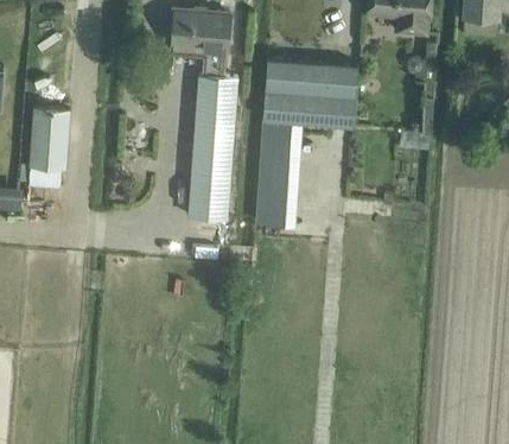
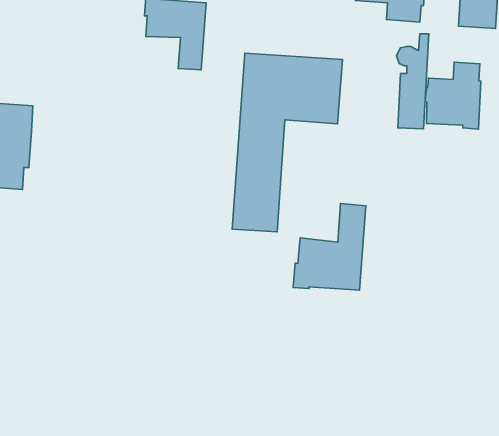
building: none -> [425,62,481,129]
building: [190,75,237,220] -> none
building: none -> [293,203,366,290]

